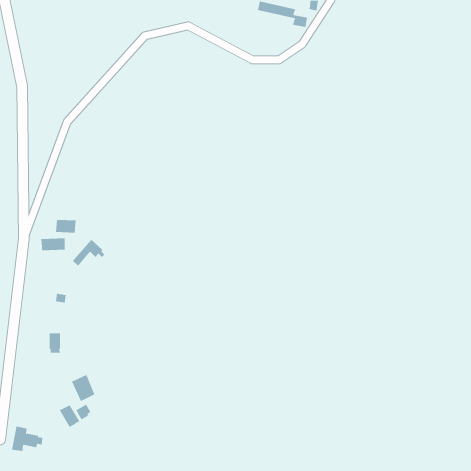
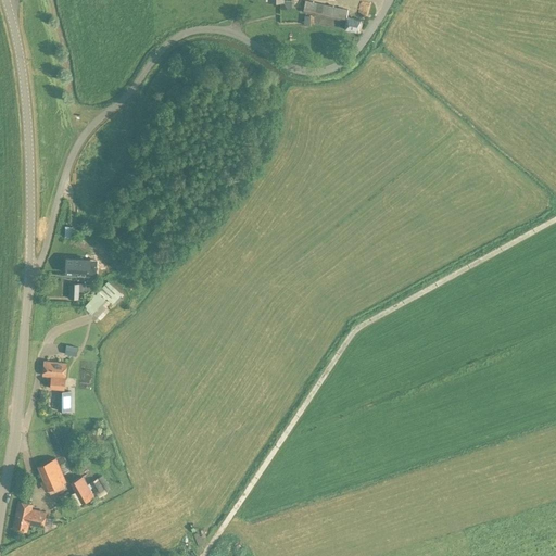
building: none -> [42,362,67,390]
building: [71,374,95,402] -> [38,458,66,491]

